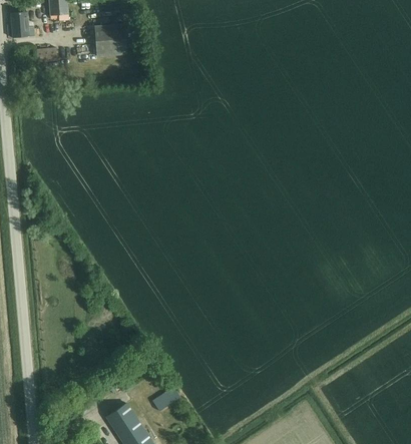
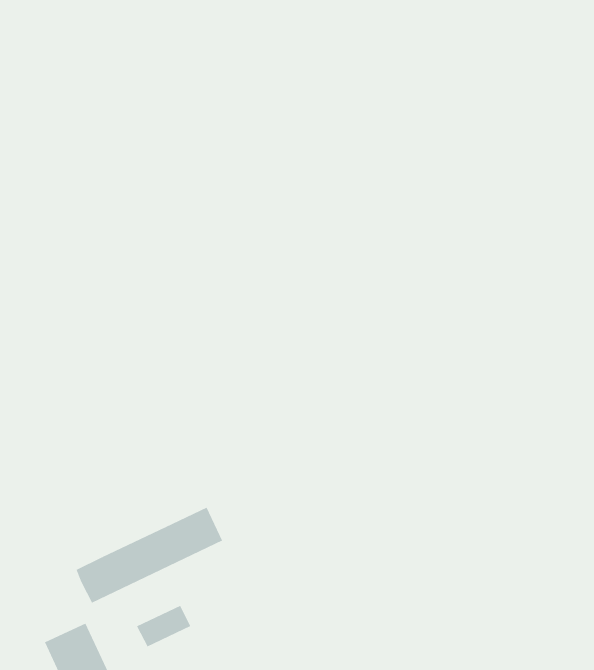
building: none -> [76,507,223,604]

